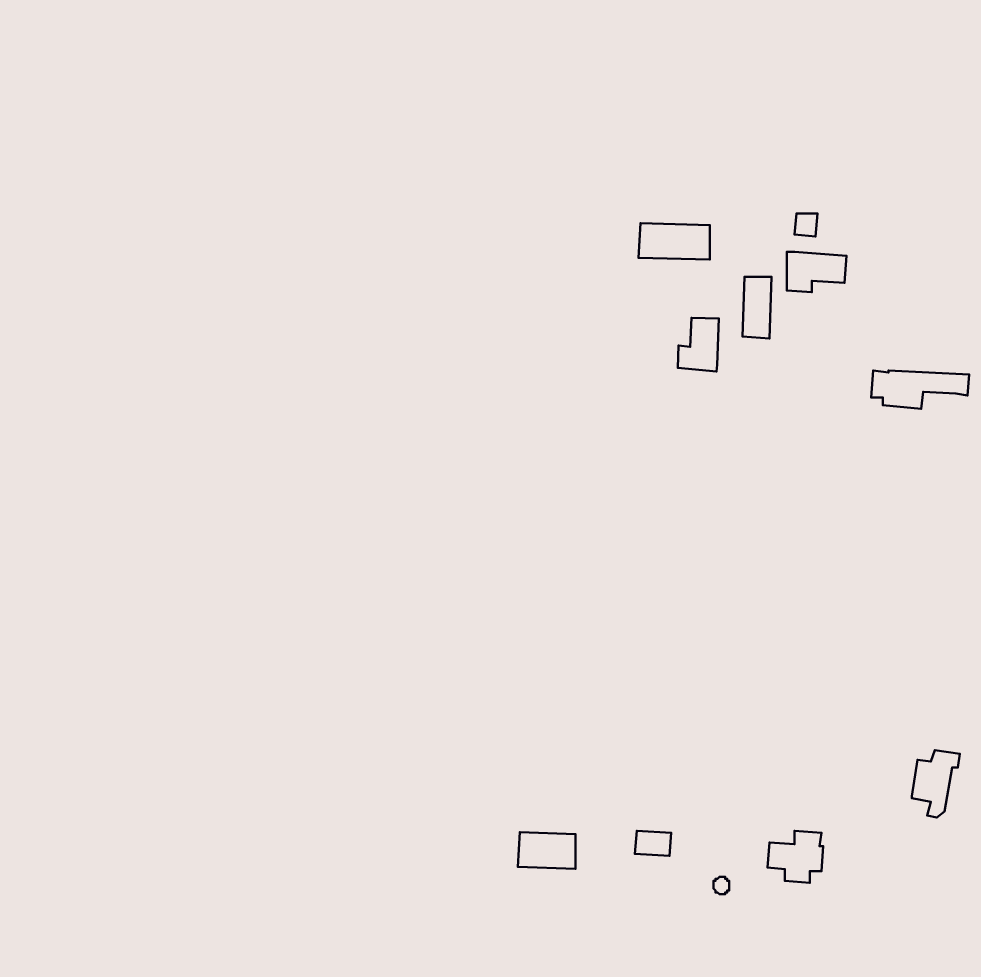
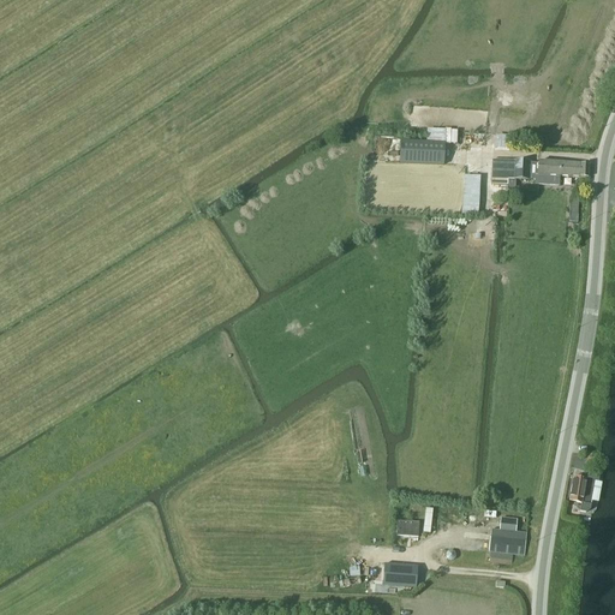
building: [678,318,719,372] -> none
building: [871,371,969,409] -> [529,160,590,184]
building: [518,832,576,869] -> [382,562,418,585]

